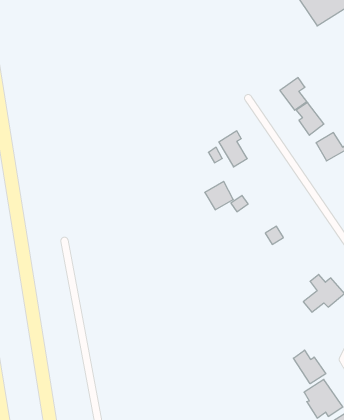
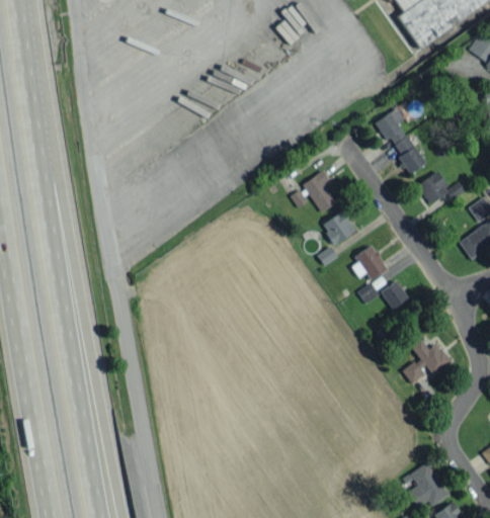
building: [205,181,233,210] -> [322,210,355,244]
building: none -> [352,245,387,279]
building: none -> [382,281,408,309]
building: [293,350,326,384] -> none

